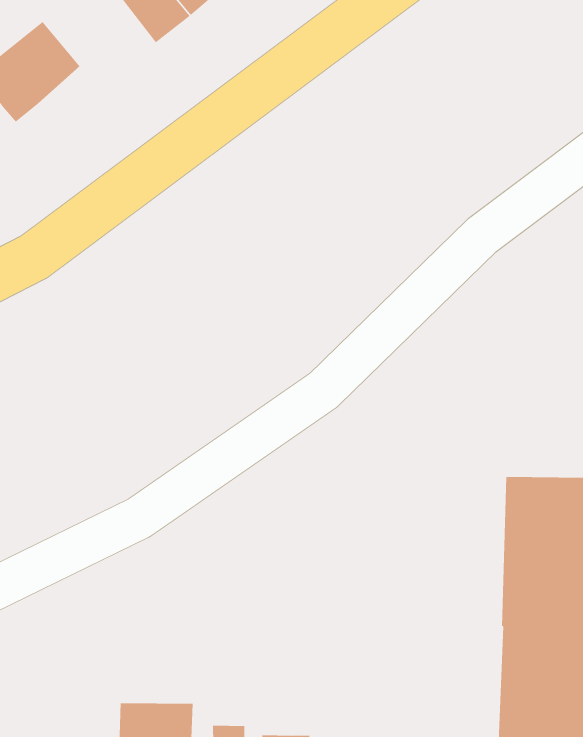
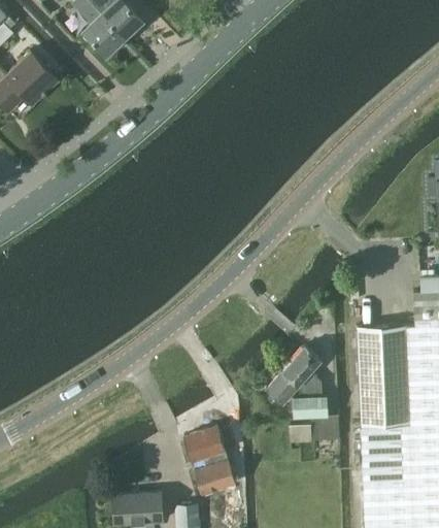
building: none -> [266,346,340,443]
building: none -> [183,426,236,495]

